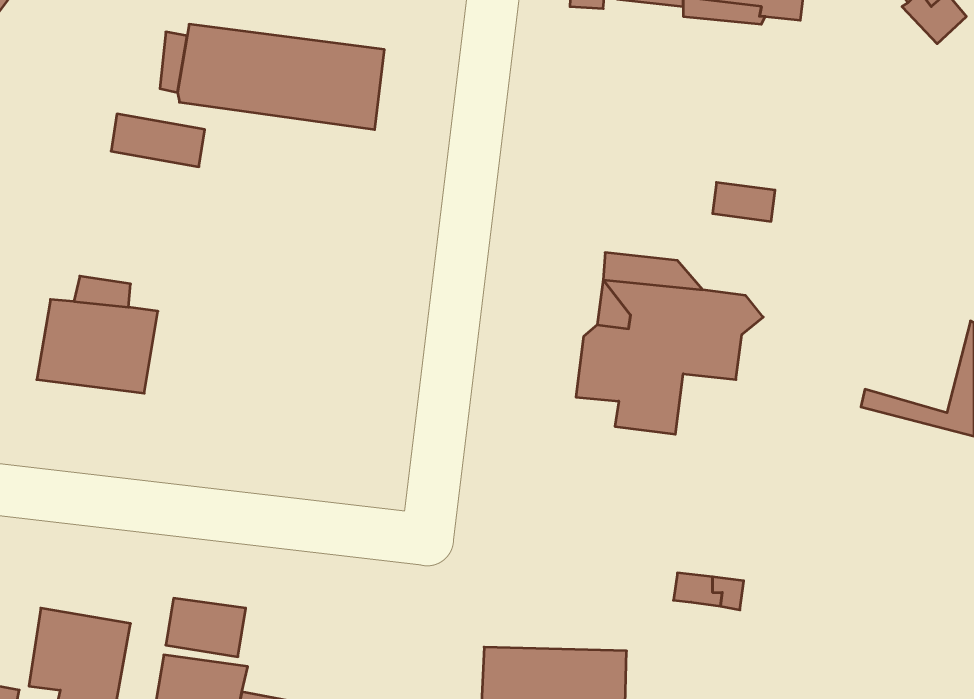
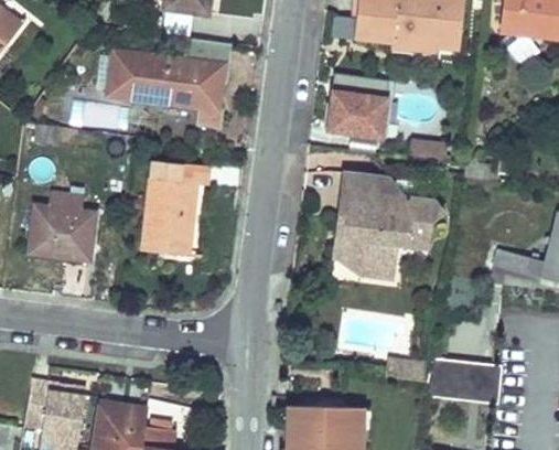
building: none -> [329,73,390,137]
building: none -> [143,160,208,256]
building: none -> [430,358,503,403]

